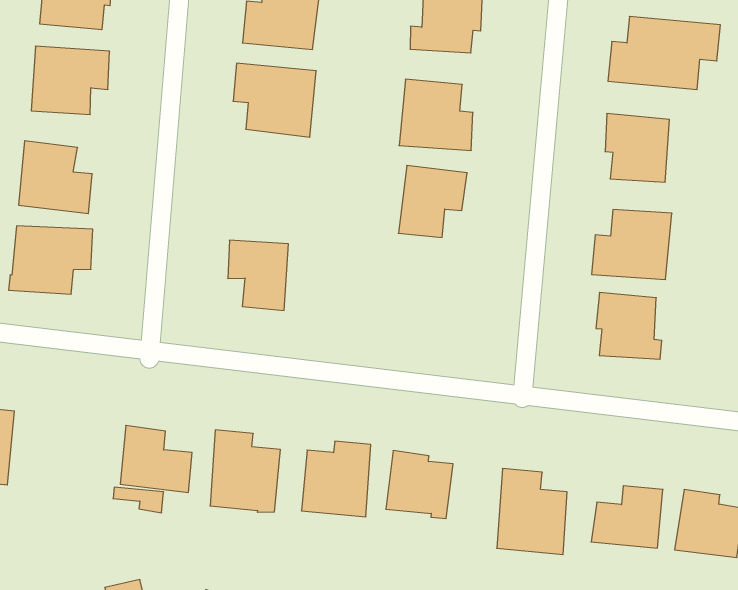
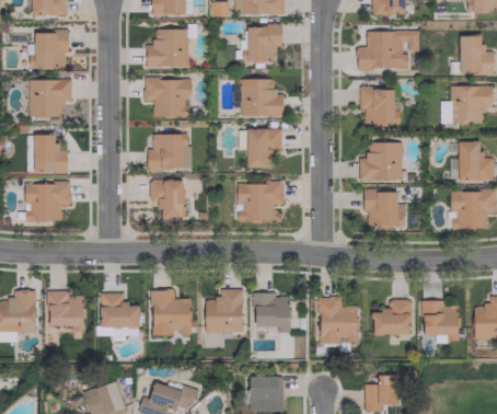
building: none -> [148,134,188,170]
building: none -> [239,182,285,221]
building: none -> [47,290,84,325]

